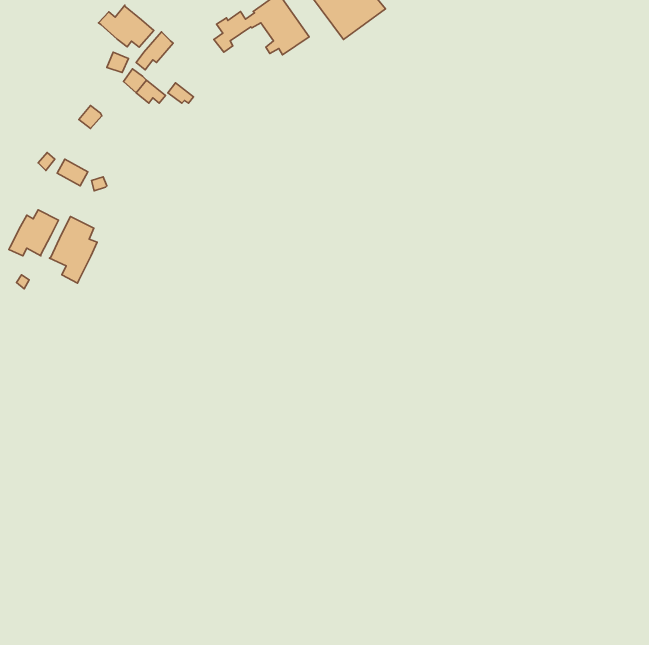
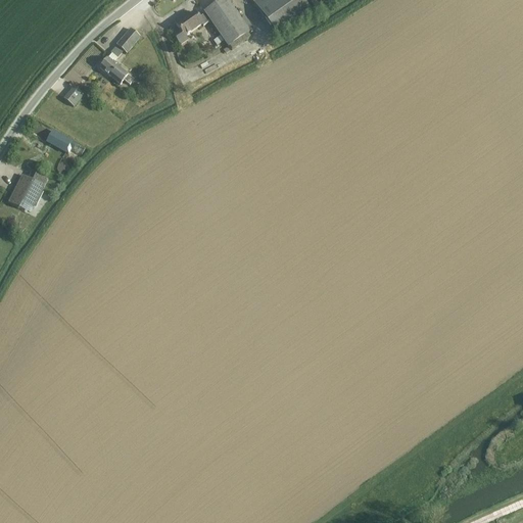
building: [99,5,154,47] -> none
building: [50,216,97,283] -> none

